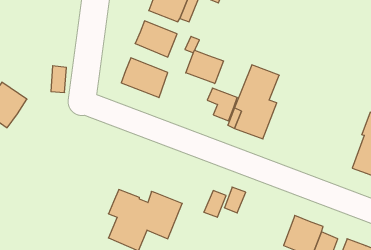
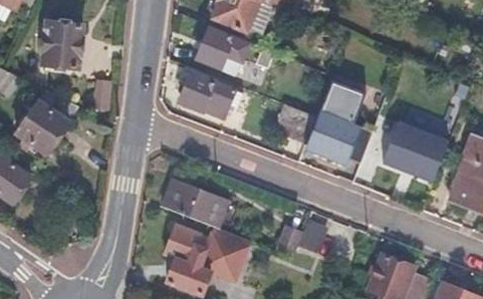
building: none -> [42,21,80,65]
building: [186,50,224,84] -> none
building: none -> [381,121,446,181]
building: none -> [162,180,227,228]

